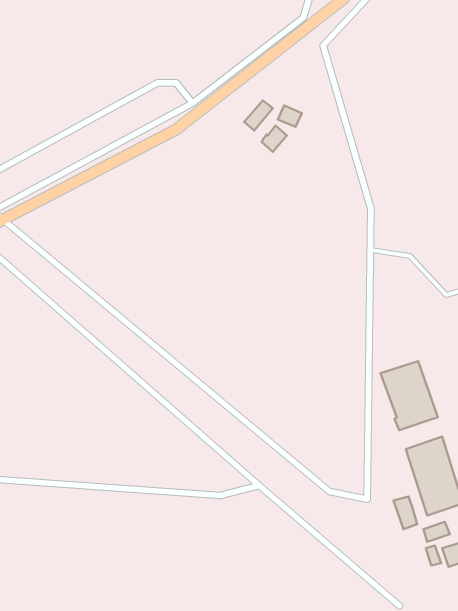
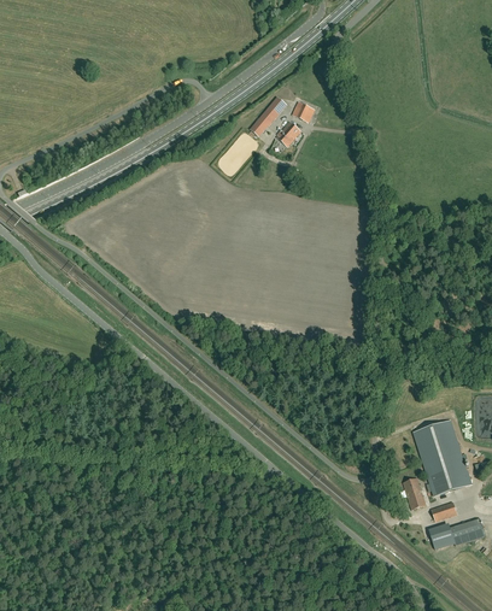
building: [381,361,438,430] -> none

